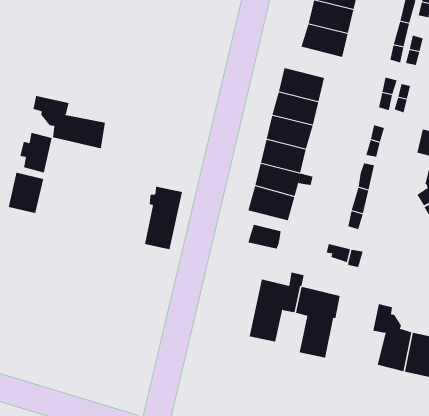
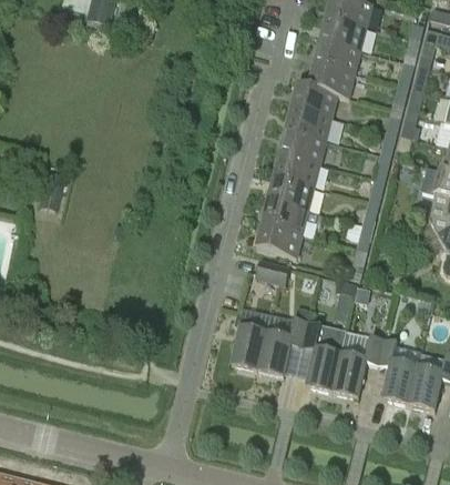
building: none -> [292,84,349,118]
building: [33,95,106,149] -> none
building: [8,172,44,214] -> none
building: [144,186,183,250] -> [232,309,269,371]
building: none -> [333,336,383,397]

